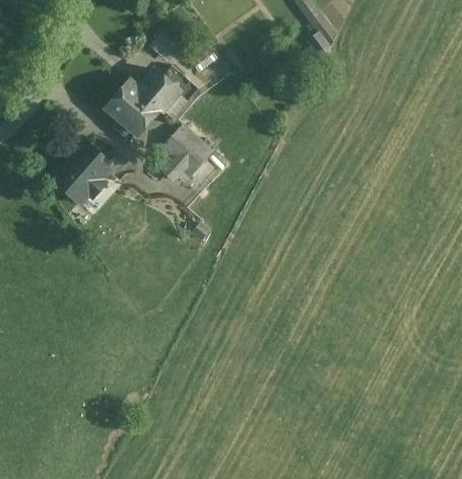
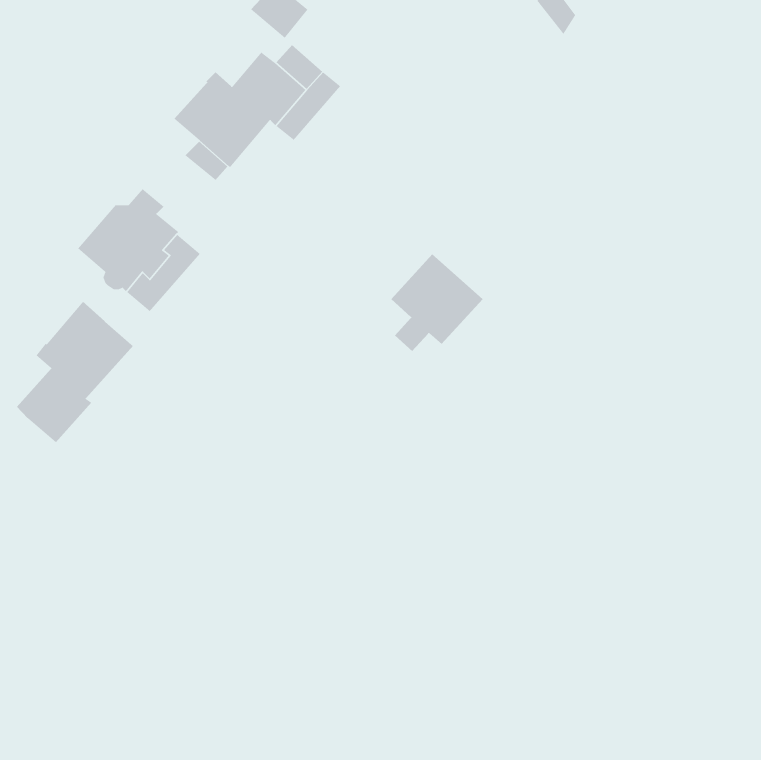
building: [159,124,211,179] -> [390,254,483,352]
building: none -> [16,301,134,443]

